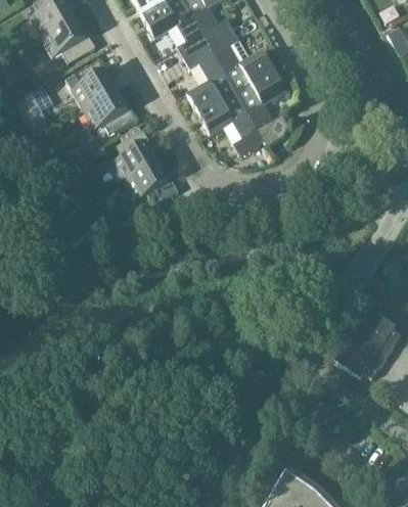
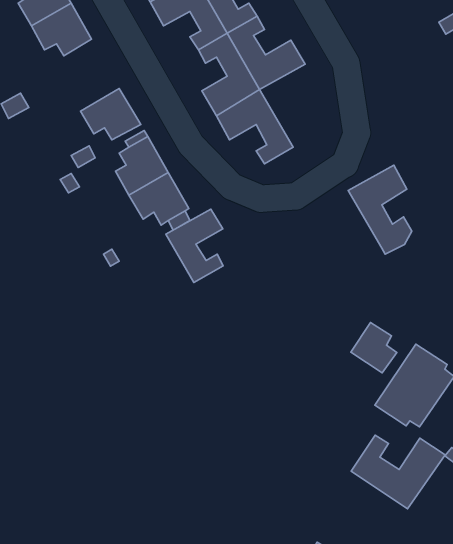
building: [72,59,117,109] -> none
building: [236,70,290,145] -> [348,165,412,254]
building: none -> [166,209,223,283]
building: none -> [351,322,397,373]
building: none -> [351,435,445,509]

